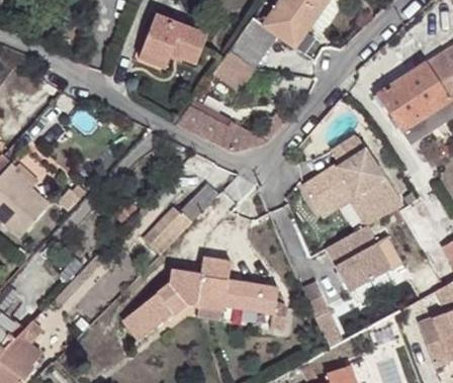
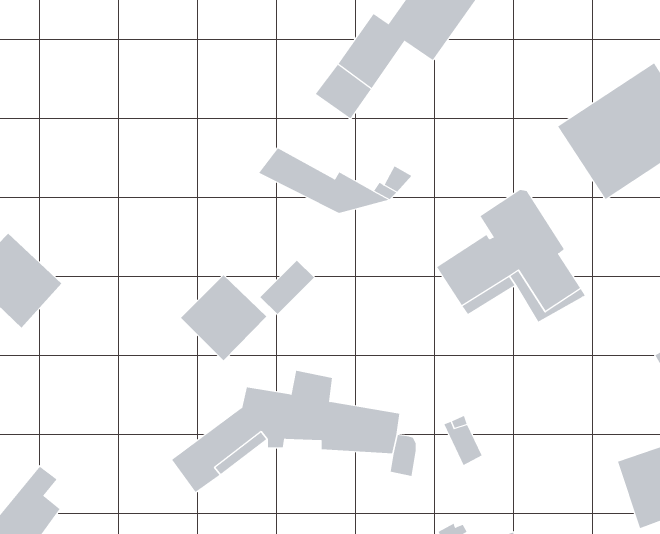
building: [139,13,208,66] -> none
building: [325,226,396,295] -> none

